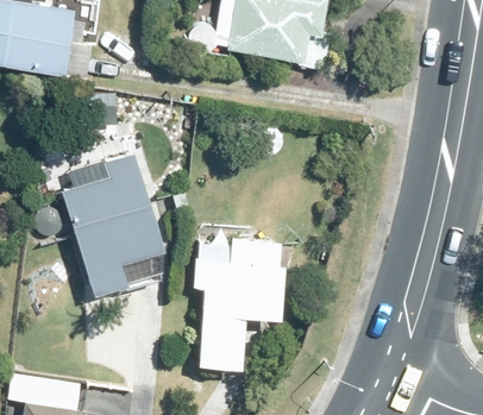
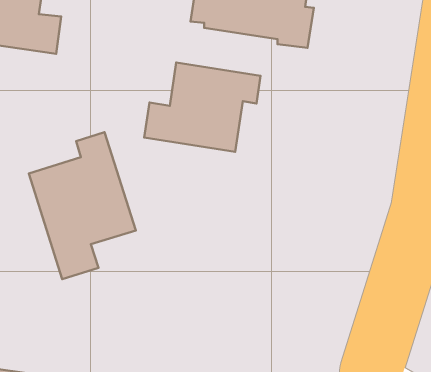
building: none -> [144,63,261,152]
building: [194,235,286,371] -> none

